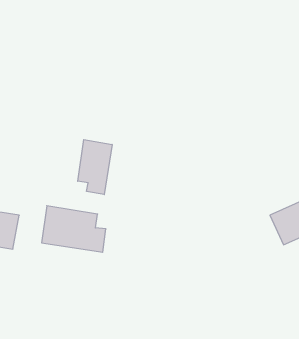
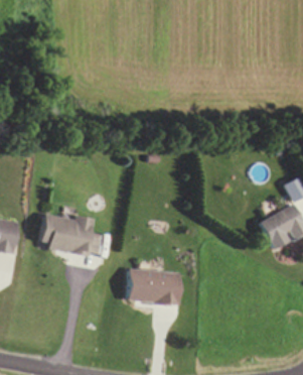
building: [78,140,112,195] -> none
building: none -> [128,269,180,304]

